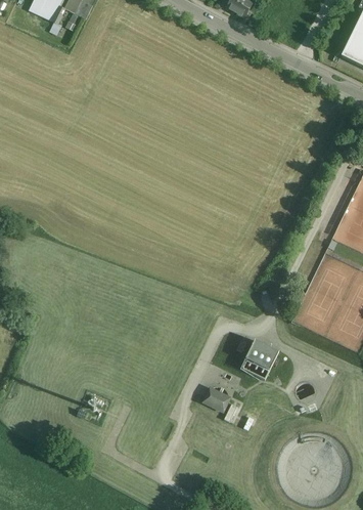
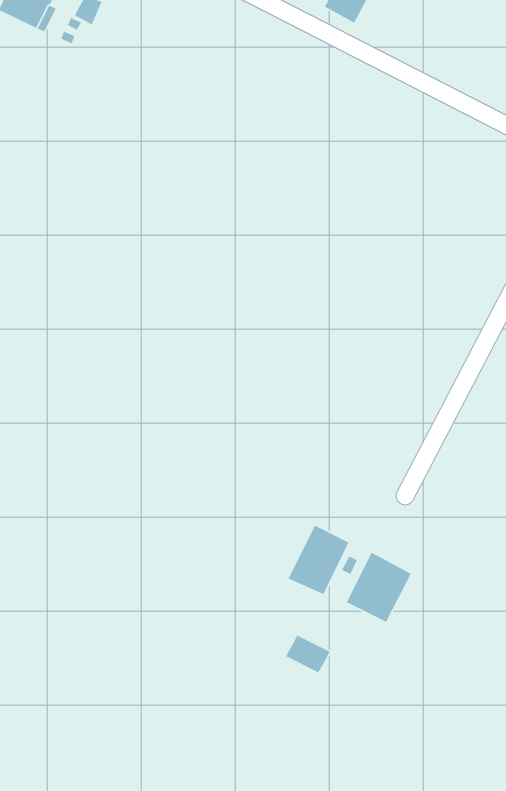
building: none -> [287,525,350,595]

